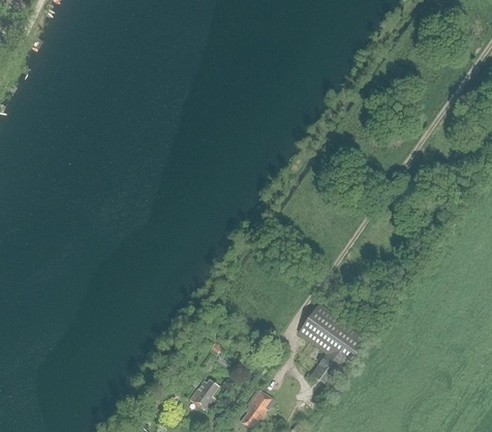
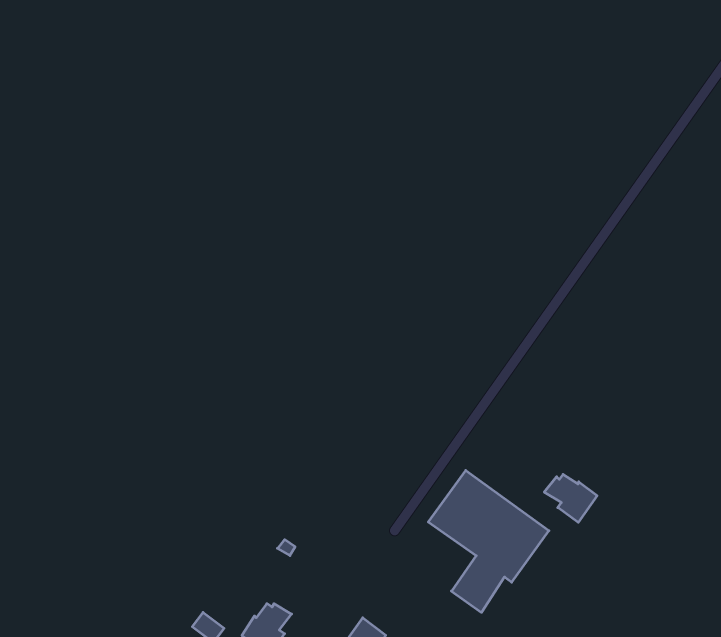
building: none -> [544,474,597,522]

